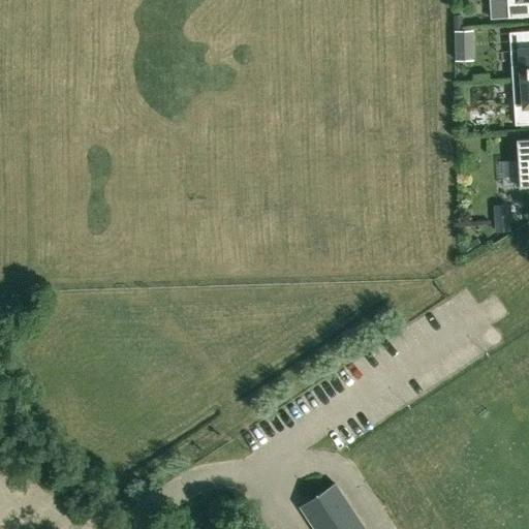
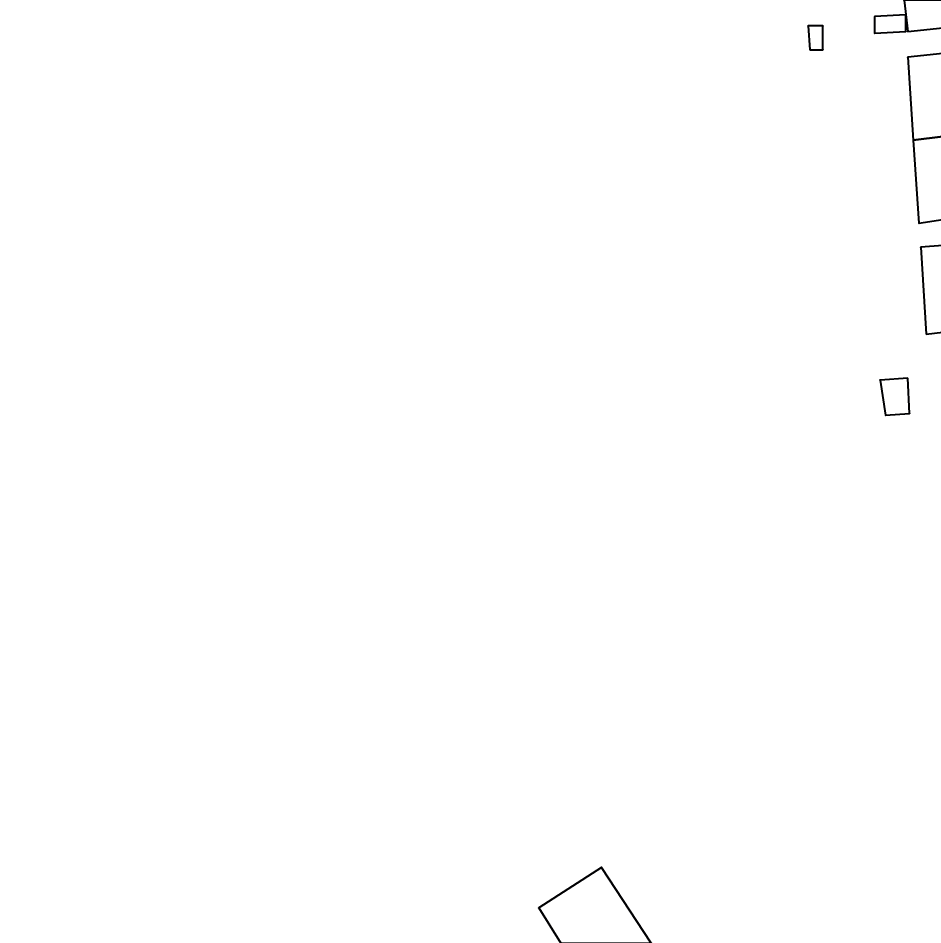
building: [455,29,474,61] -> none

